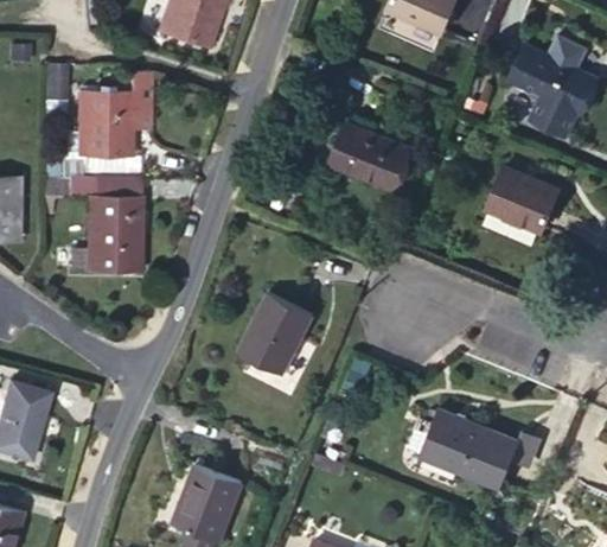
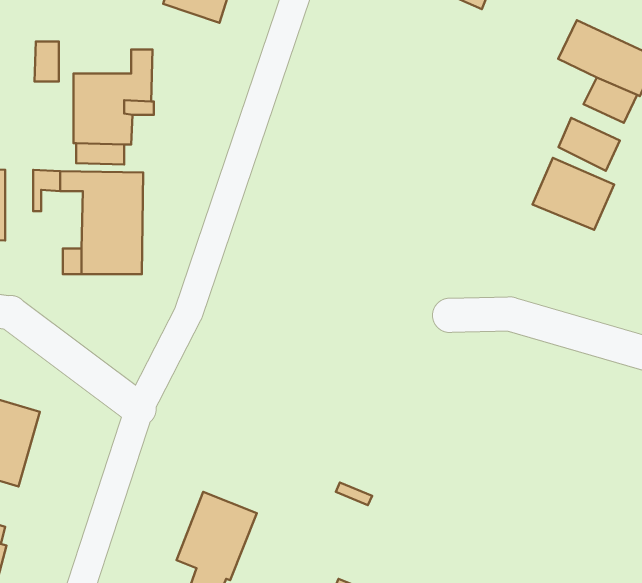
building: [330,125,408,189] -> none
building: none -> [558,118,620,171]
building: [239,293,313,374] -> none
building: [420,409,520,490] -> none

